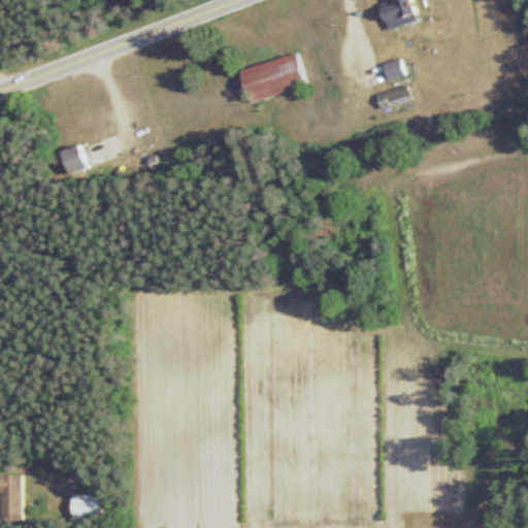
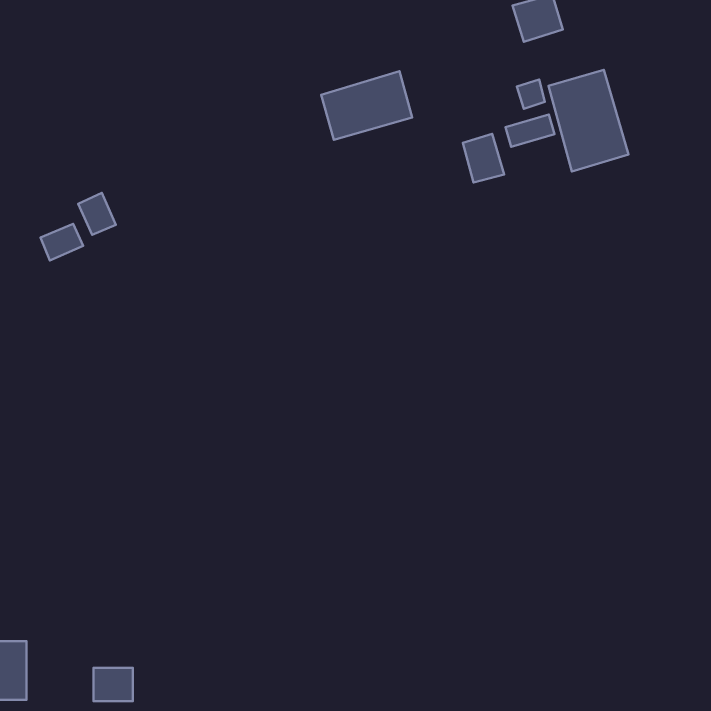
building: none -> [549,70,628,172]
building: none -> [463,134,504,182]
building: none -> [41,224,83,260]

